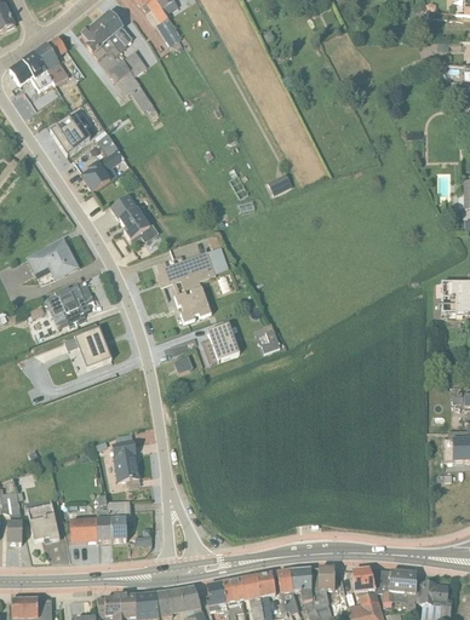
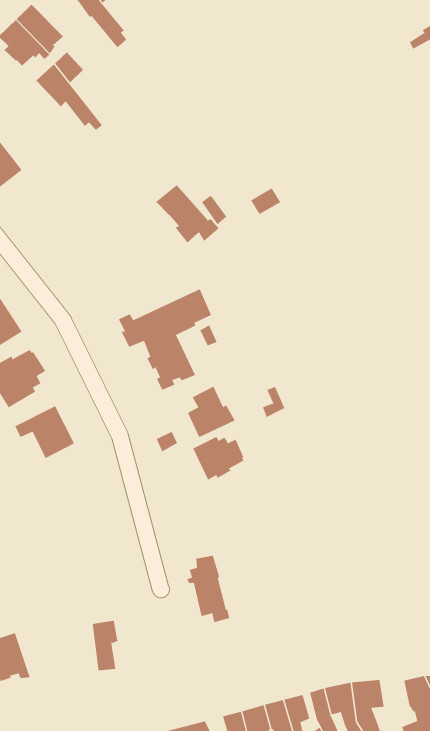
building: [82,132,125,191] -> none
building: [110,195,159,242] -> [156,184,220,243]
building: none -> [192,436,244,481]
building: [109,434,141,487] -> [187,555,230,623]
building: [70,494,113,541] -> none

